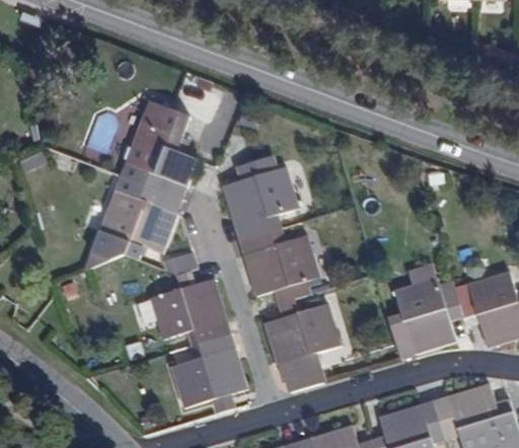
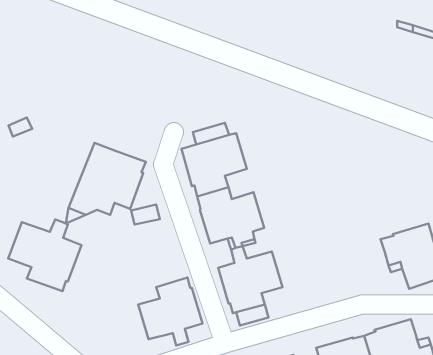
building: [121,100,198,200] -> none
building: none -> [8,220,81,291]
building: [150,271,229,346] -> none
building: [388,275,459,357] -> none

